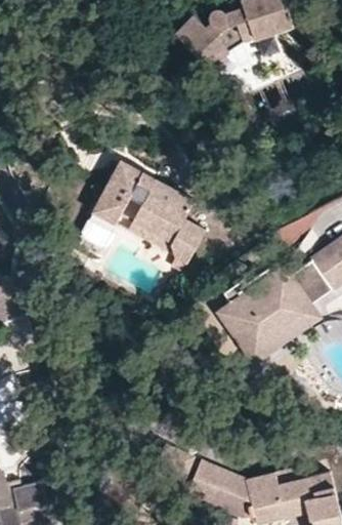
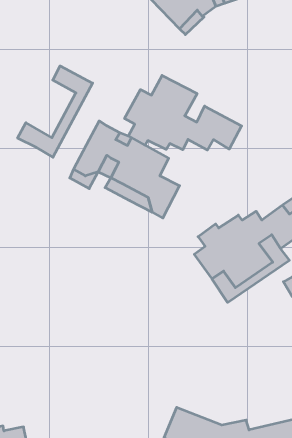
building: none -> [18,66,93,157]
building: none -> [125,75,242,150]

